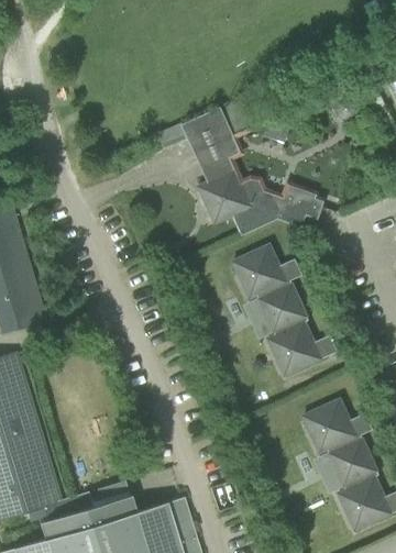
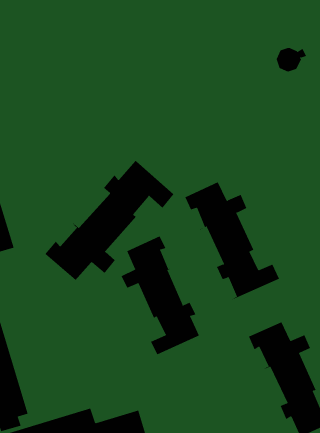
building: [182,110,324,236] -> none
building: none -> [44,156,174,281]
building: none -> [121,235,205,355]

